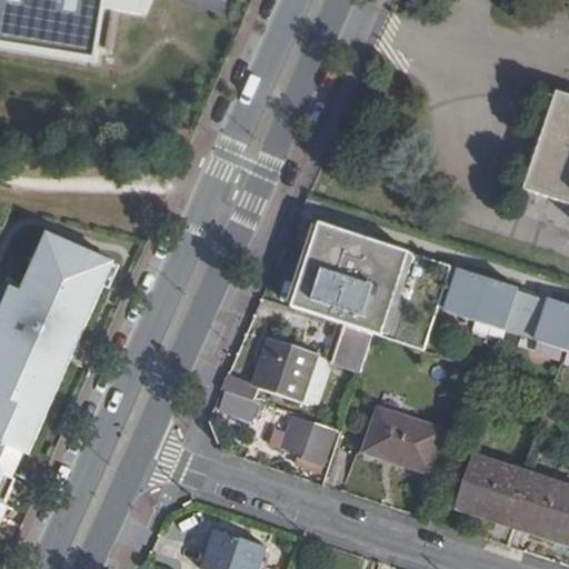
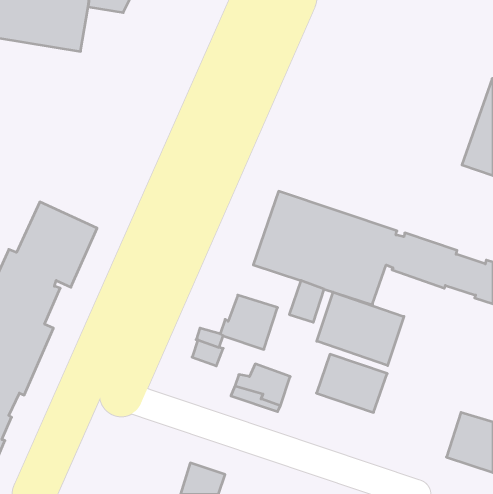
building: none -> [317,292,404,366]
building: [452,452,528,523] -> none

